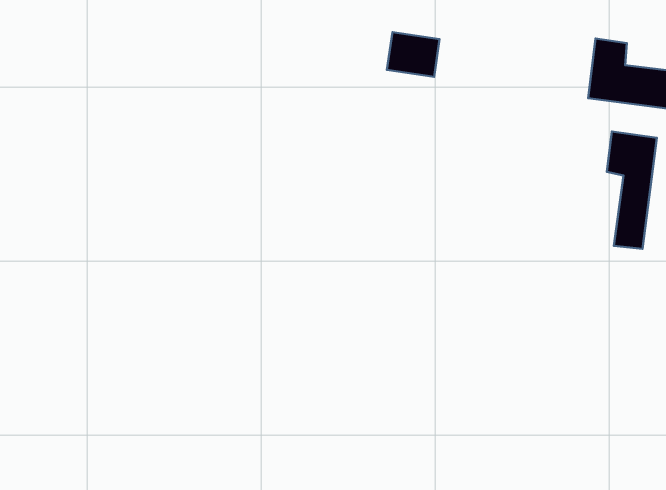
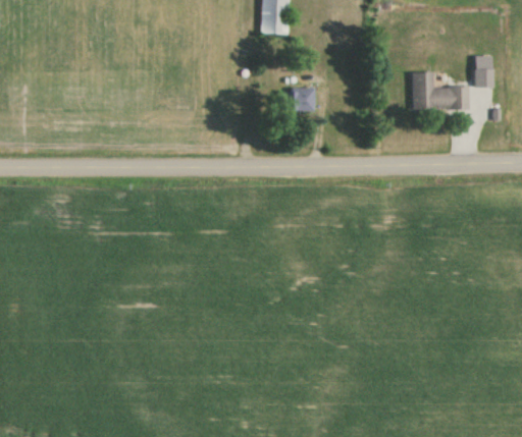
building: [607,131,657,249] -> none

